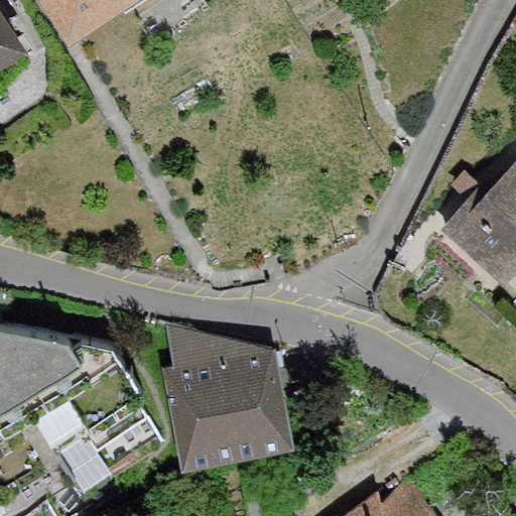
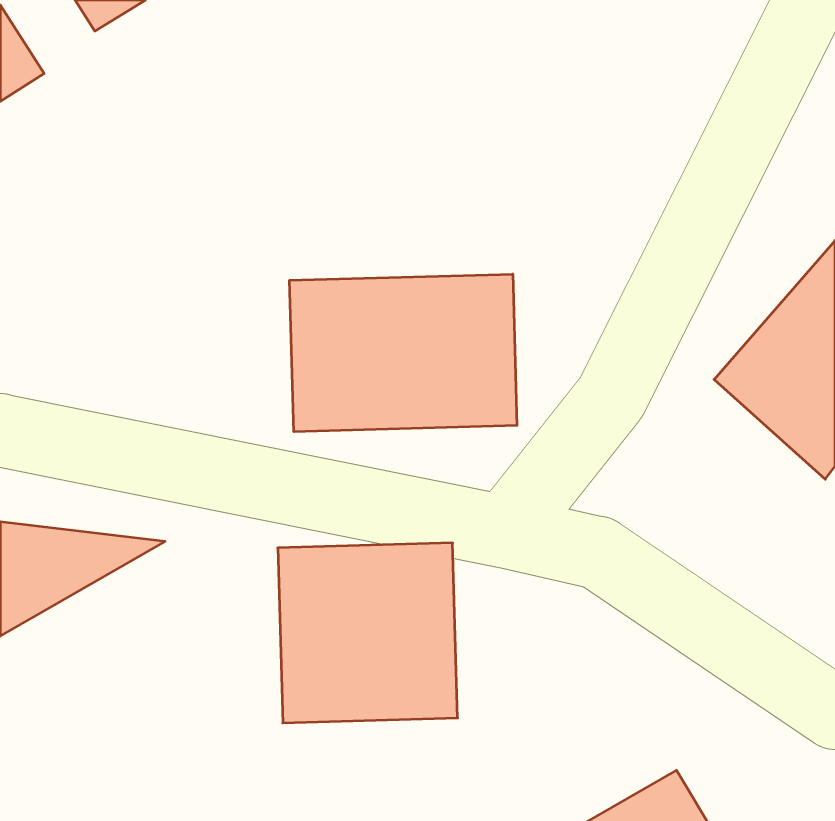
building: none -> [290,274,517,432]

